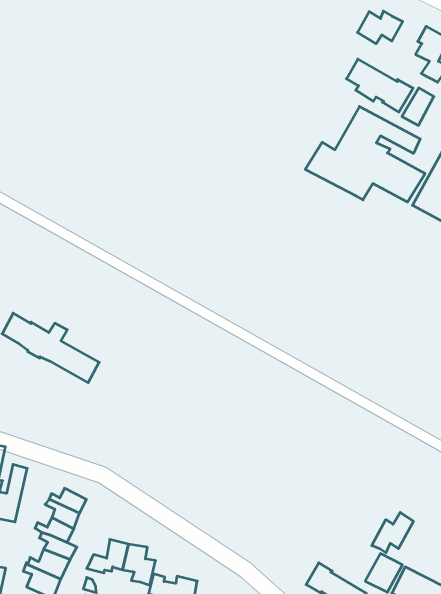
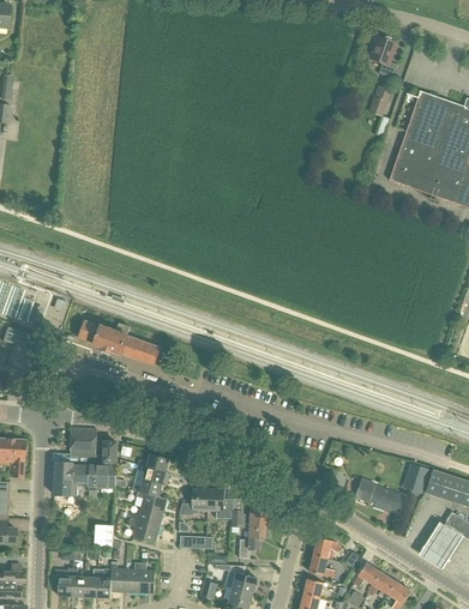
building: [357,11,403,44] -> none
building: [346,59,413,112] -> none
building: [305,106,425,202] -> none
building: [372,512,413,553] -> none

